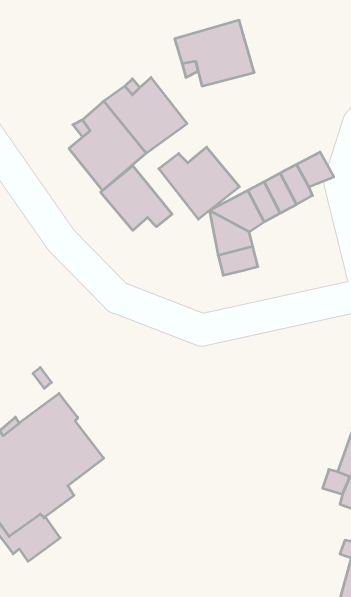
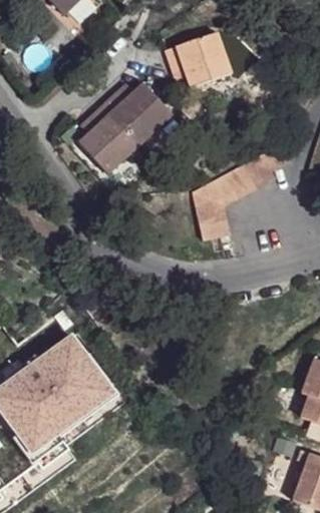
building: [159,147,239,219] -> none
building: [101,166,172,230] -> none
building: none -> [78,353,119,420]

